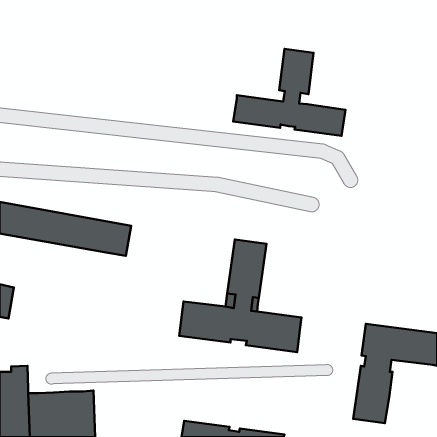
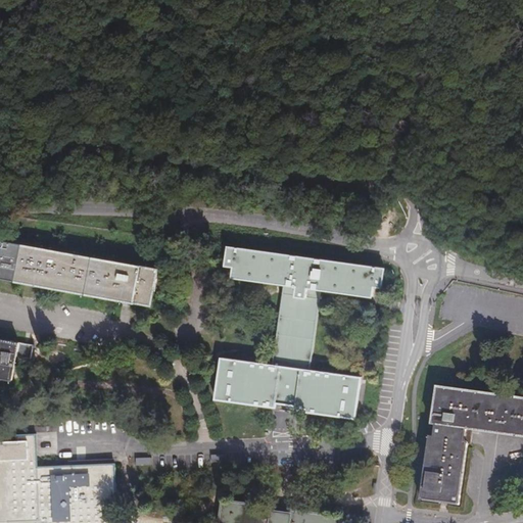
building: [233,49,345,136] -> none
building: none -> [224,246,383,297]

